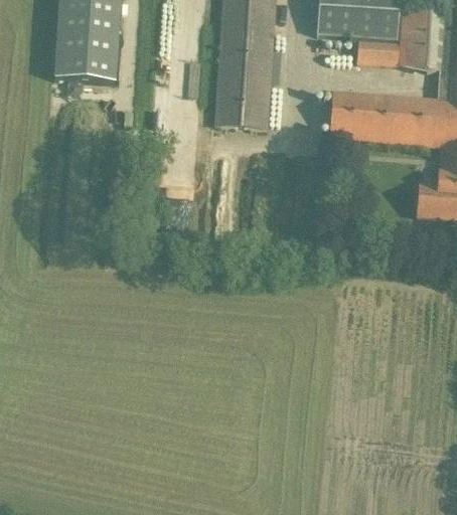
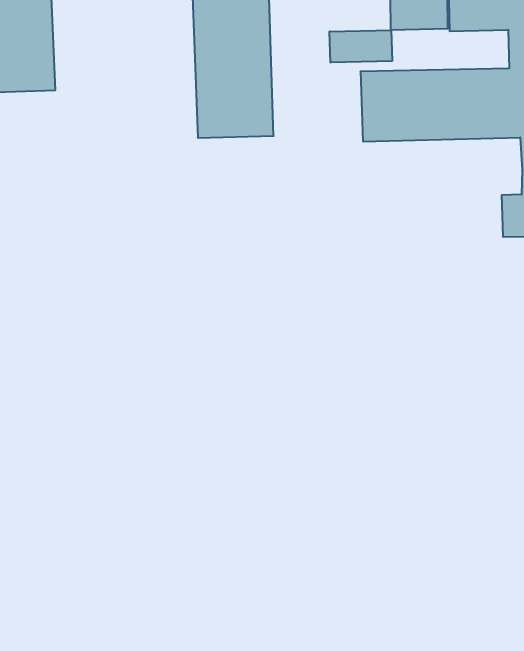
building: none -> [330,30,392,63]

